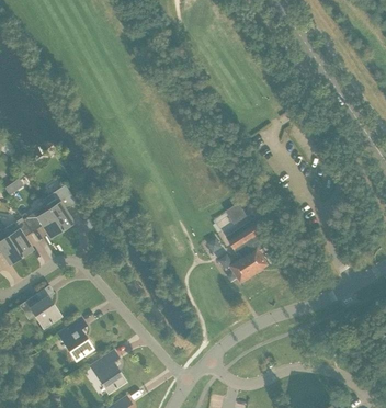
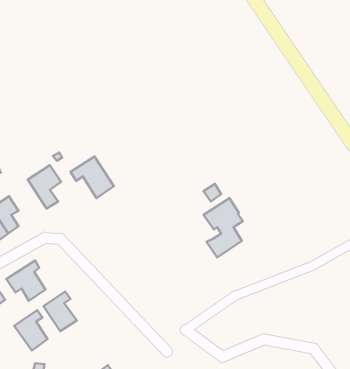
building: none -> [71,156,114,198]
building: [23,206,61,238] -> none
building: [90,351,125,394] -> [14,310,48,351]

